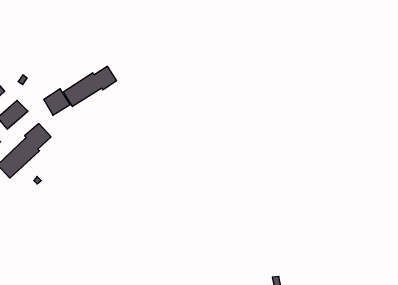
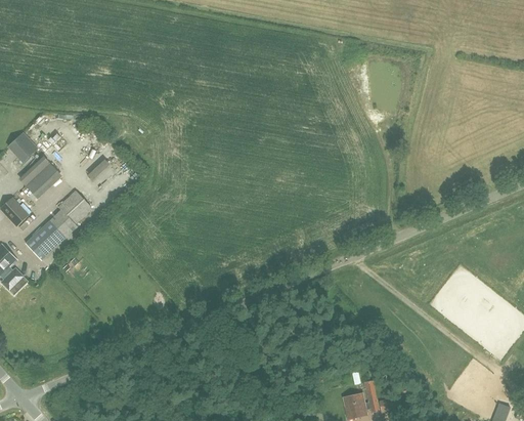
building: [63,66,116,107] -> none

